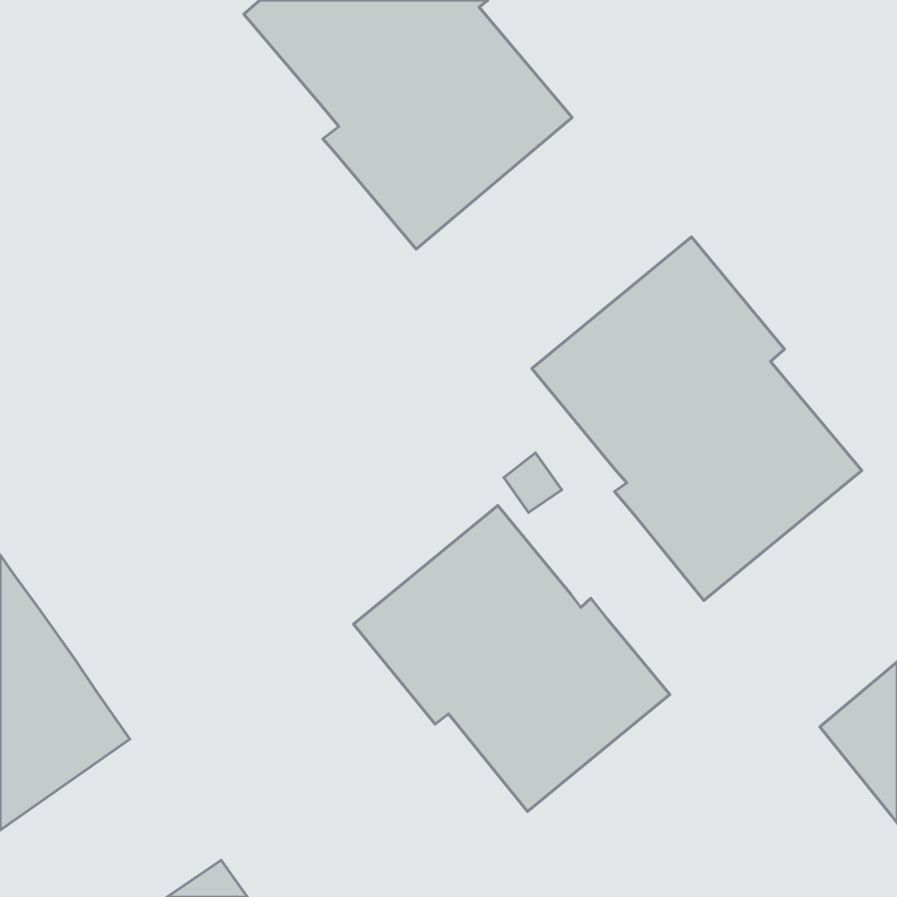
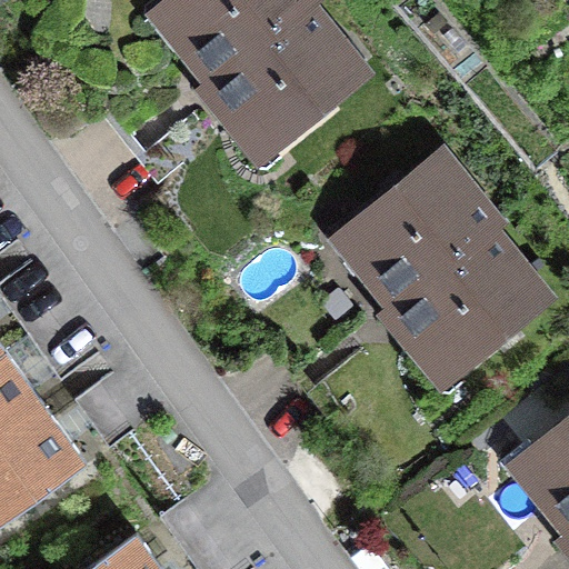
building: [354,506,670,812] -> none

